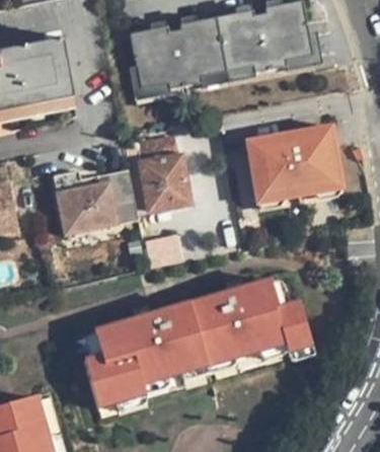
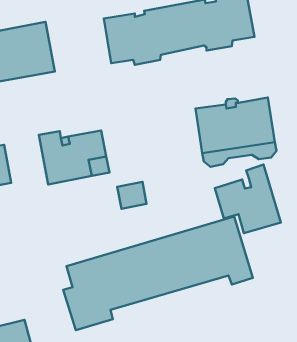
building: [127,135,189,212] -> none
building: none -> [215,165,281,233]

